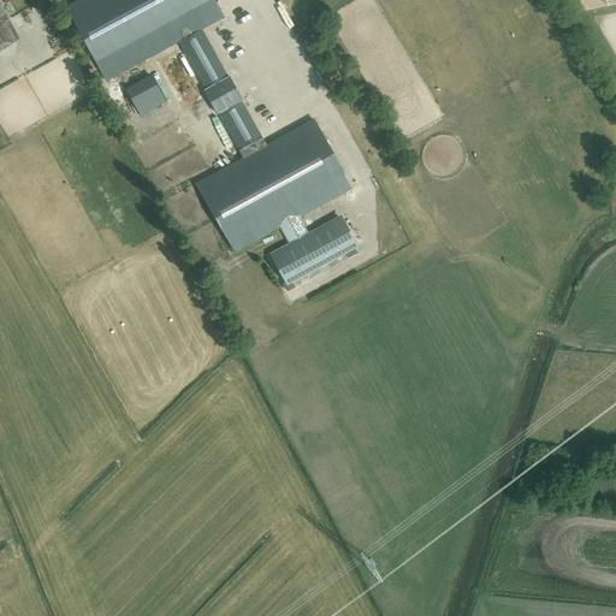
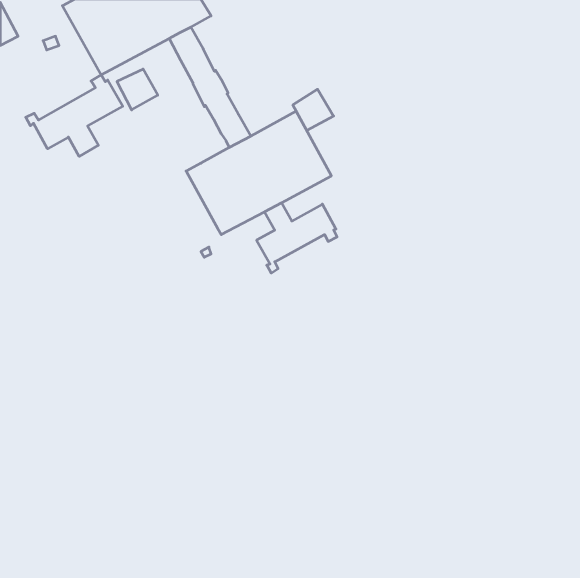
building: none -> [26,75,123,156]
building: none -> [293,89,334,131]

